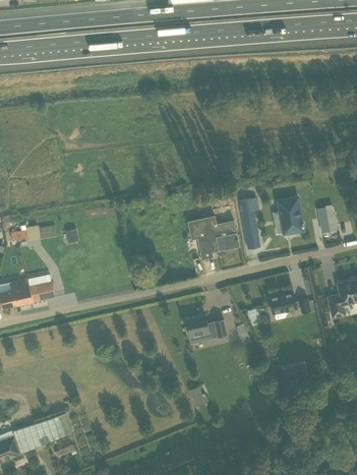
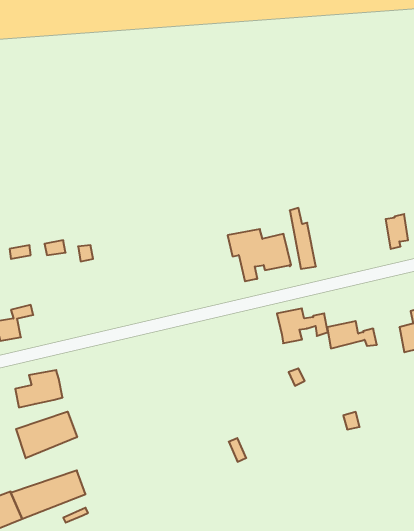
building: [273,195,303,234] -> none
building: [15,275,54,305] -> [15,370,63,407]
building: [184,315,226,344] -> [277,308,328,343]
building: none -> [16,412,77,458]

